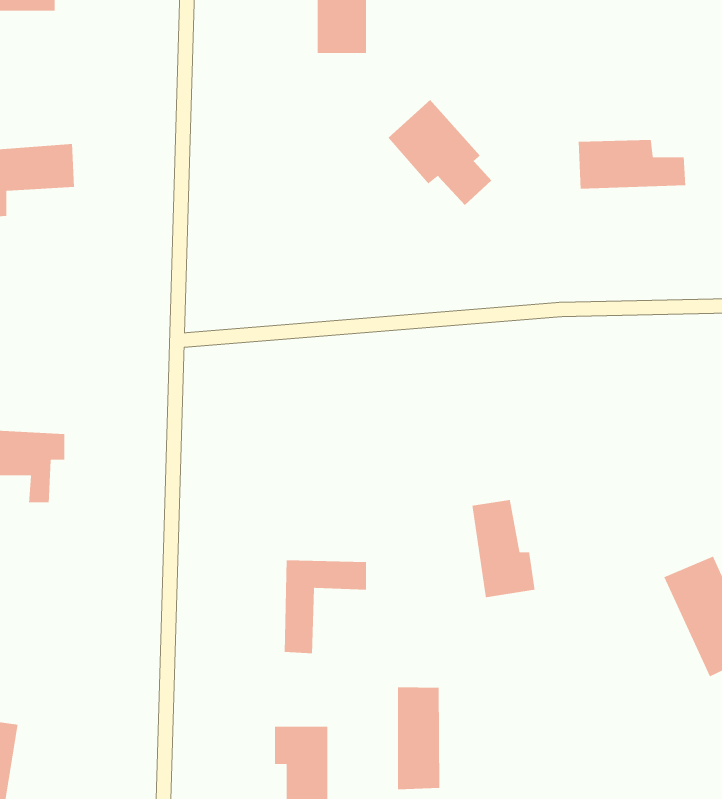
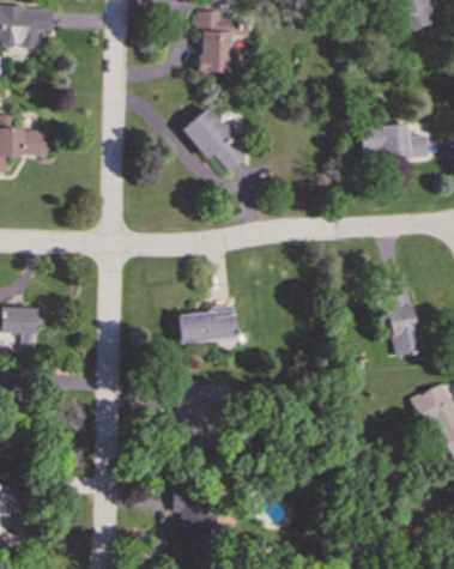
building: [388,99,492,206] -> [181,105,246,171]
building: none -> [177,308,236,341]
building: [472,499,536,598] -> [386,293,425,355]
building: [397,686,440,790] -> none

